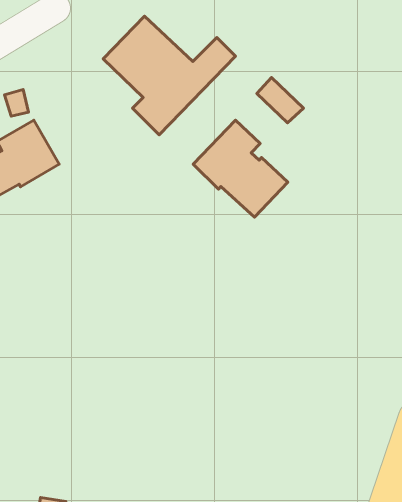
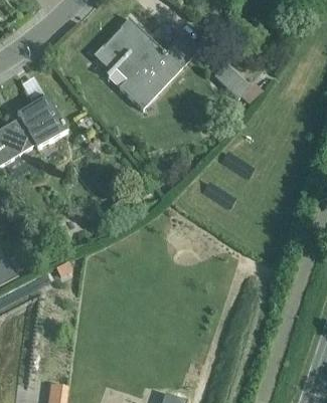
building: [193,120,288,217] -> none

